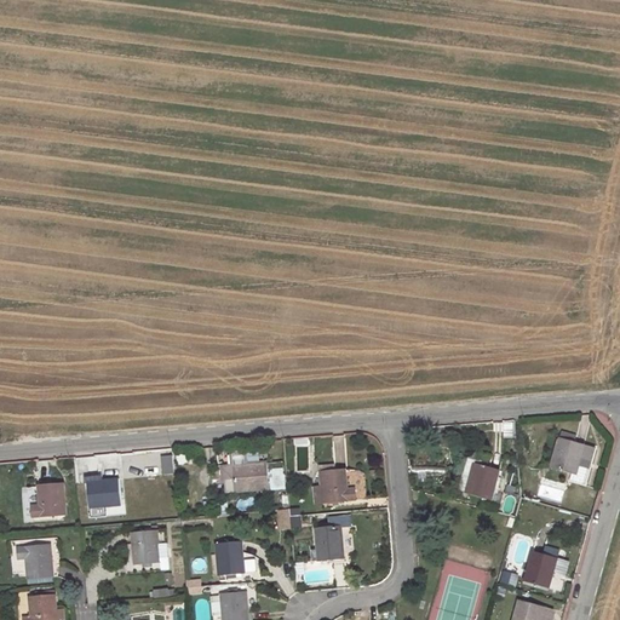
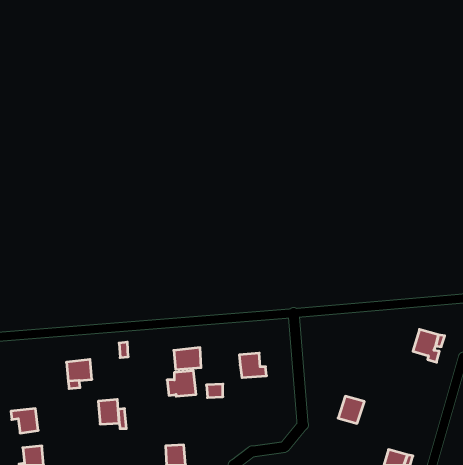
building: [459,461,494,498] -> [338,396,364,423]
building: [30,482,64,512] -> none
building: [315,526,344,559] -> none
building: [205,541,243,575] -> [167,371,196,396]
building: [522,551,556,589] -> none

